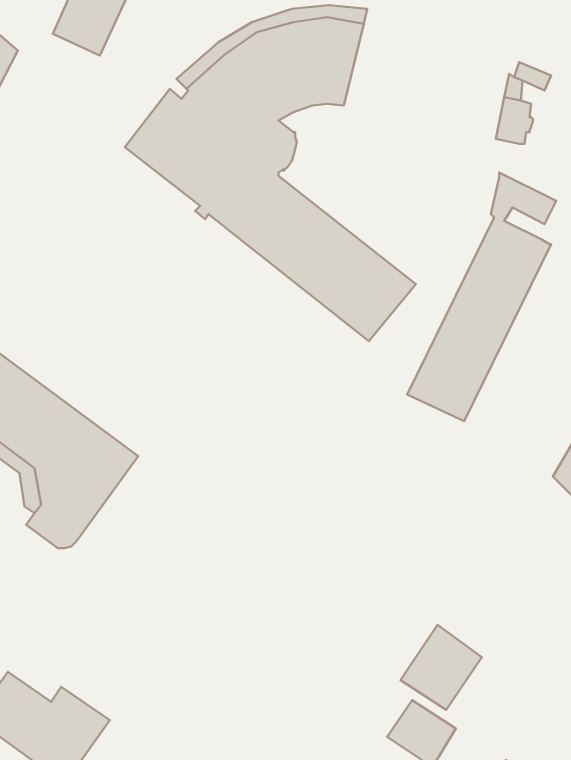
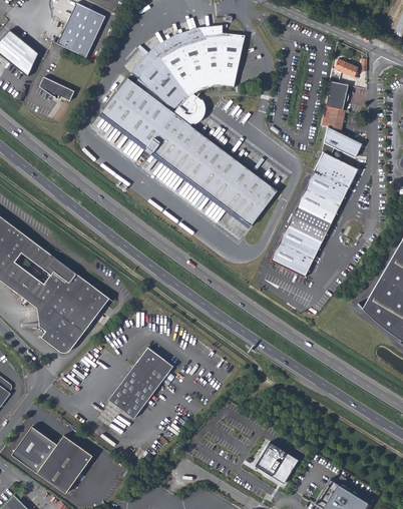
building: none -> [39,75,74,99]
building: none -> [320,106,343,129]
building: none -> [109,347,172,418]
building: [401,625,482,710] -> none

